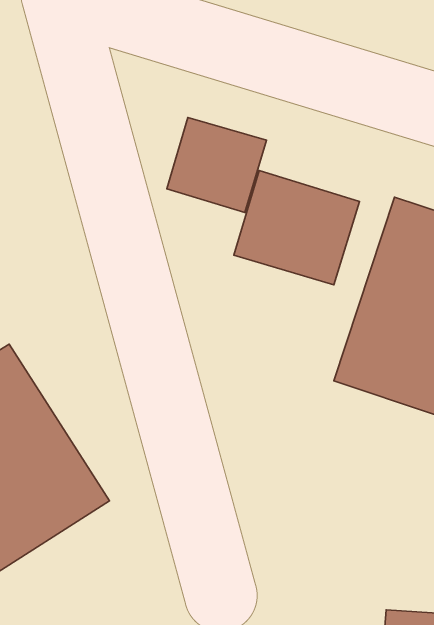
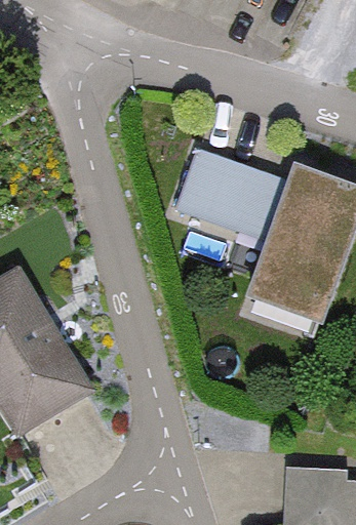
building: [167,117,266,212] -> none

